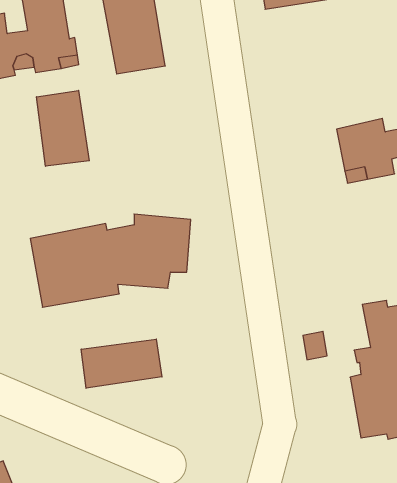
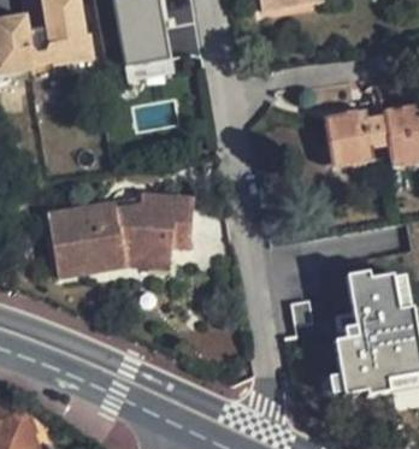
building: [37,90,89,166] -> none
building: [81,339,162,388] -> none

